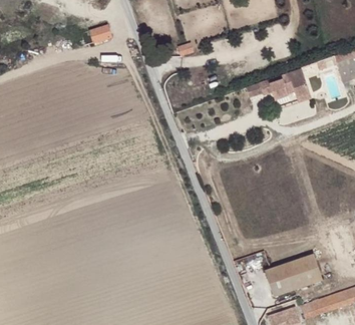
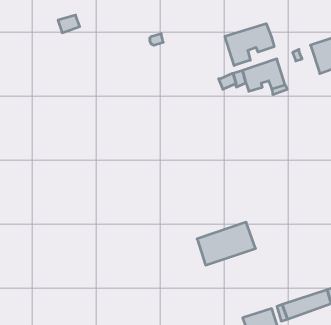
building: none -> [225,24,274,66]
building: [266,255,322,296] -> [197,222,256,265]

